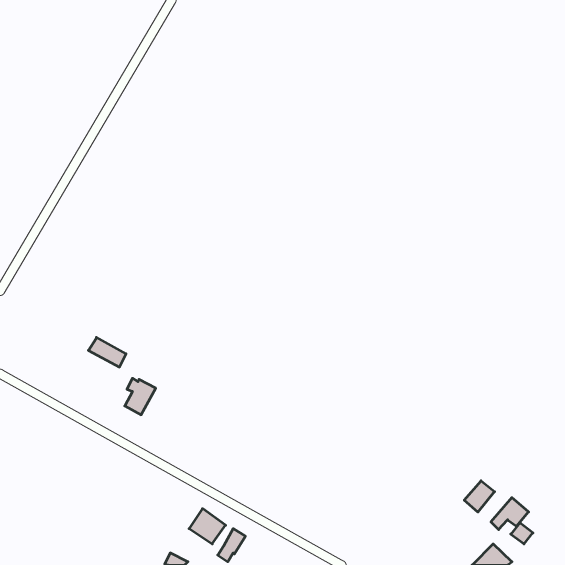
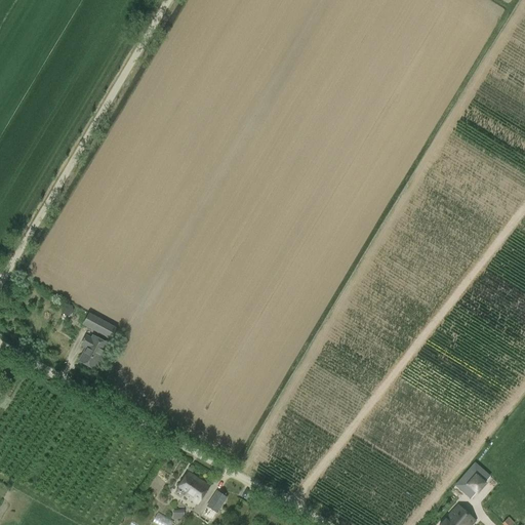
building: [125,378,156,415] -> [79,335,108,369]
building: [464,481,495,512] -> none

